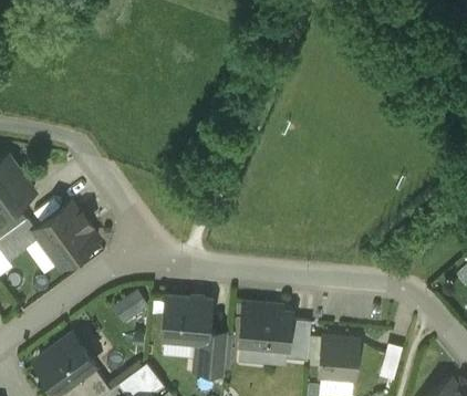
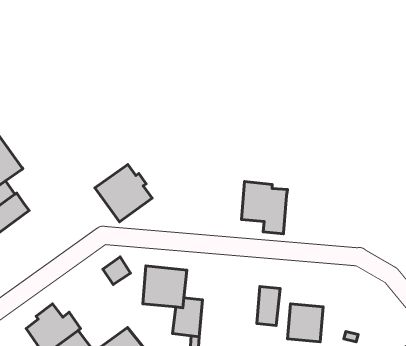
building: [34,204,96,265] -> [95,164,152,222]
building: [240,303,290,359] -> [242,181,288,234]

